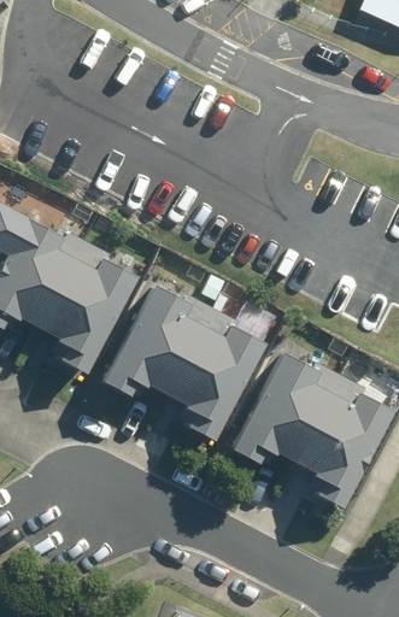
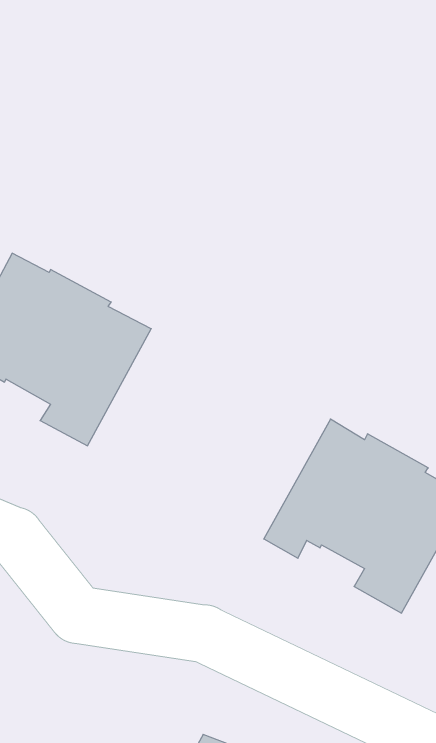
building: [102,283,266,440] -> none

